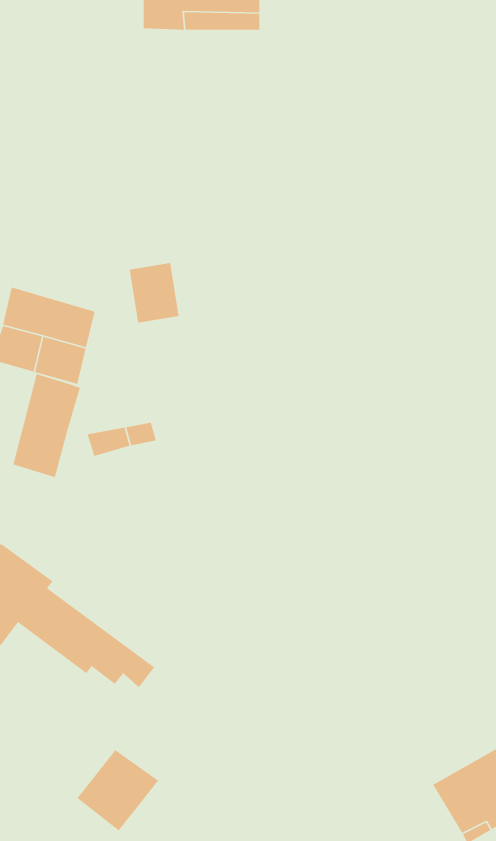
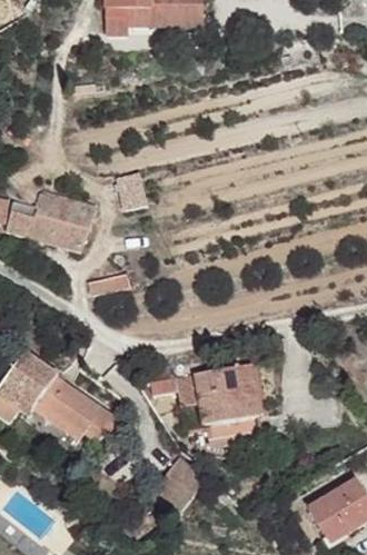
building: [13,373,81,478] -> none
building: none -> [147,363,256,426]
building: [77,749,159,831] -> [150,458,202,511]

